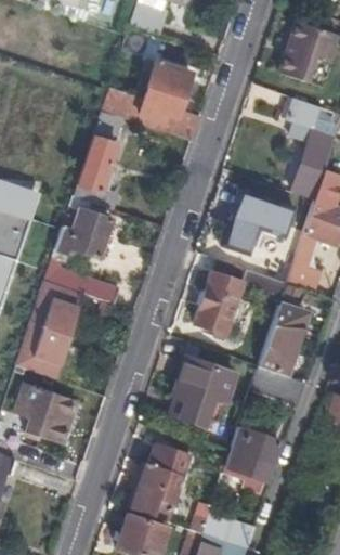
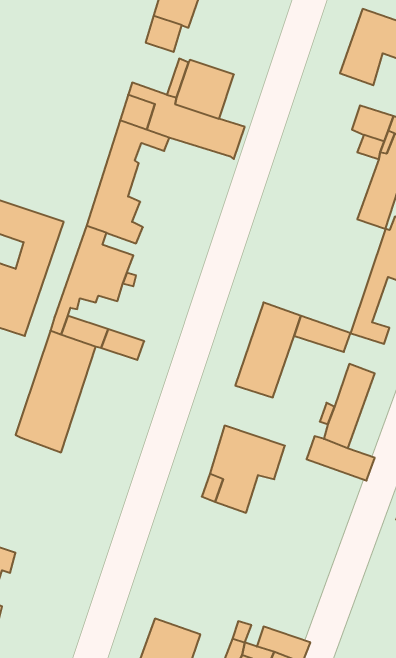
building: [221,190,296,255] -> none
building: [14,384,77,443] -> none
building: [224,427,278,480] -> none
building: [130,444,192,522] -> none

